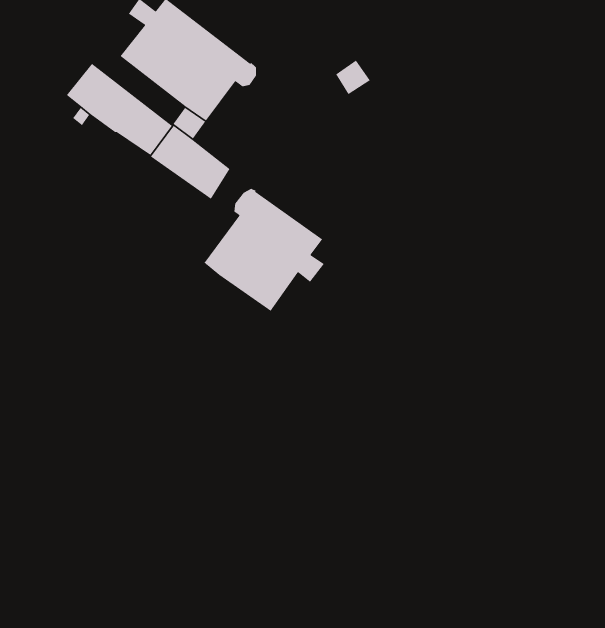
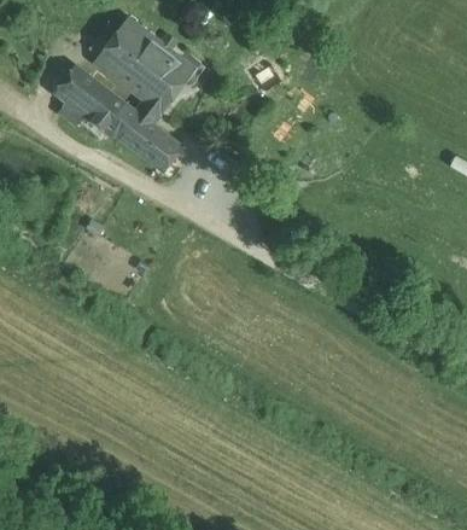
building: [204,188,325,312] -> none

